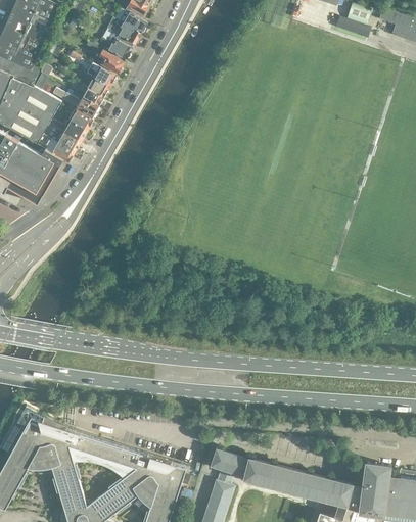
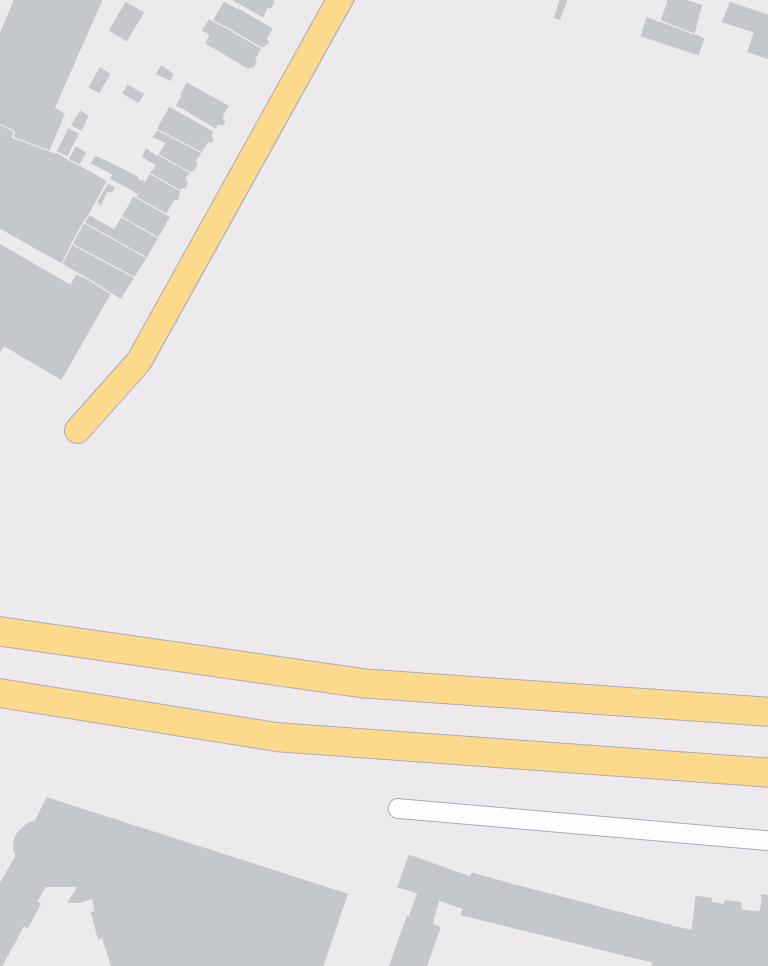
building: [105,30,132,59] -> none

